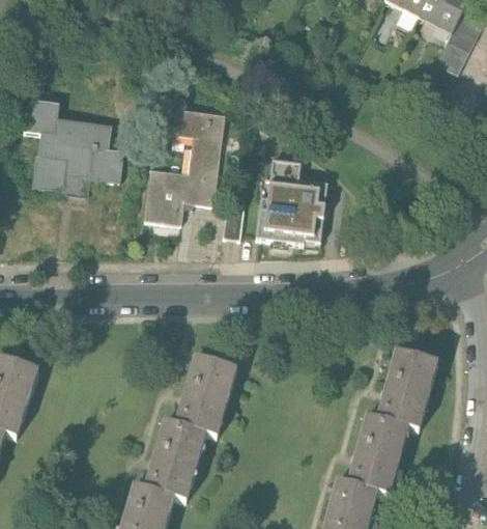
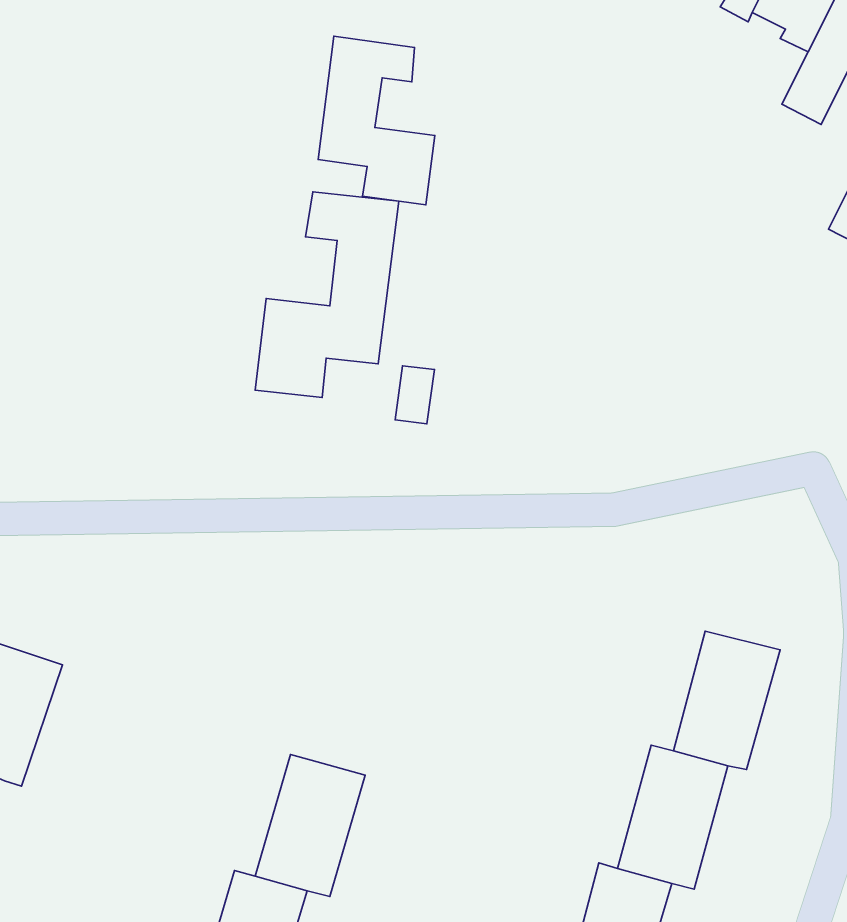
building: none -> [318,36,435,205]
building: [31,96,118,190] -> none
building: [255,162,326,245] -> none
building: [175,359,235,438] -> none

